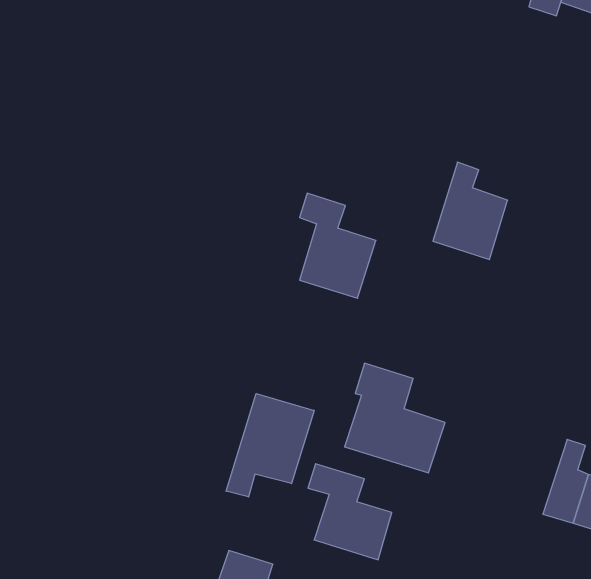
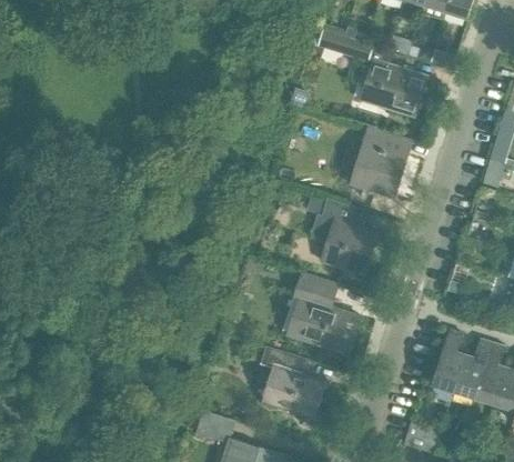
building: none -> [318,29,425,116]
building: [300,193,376,298] -> [321,198,376,274]
building: [226,394,314,497] -> none

